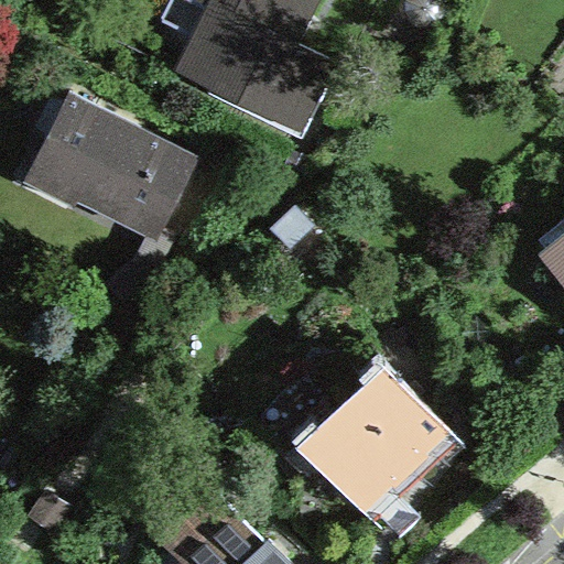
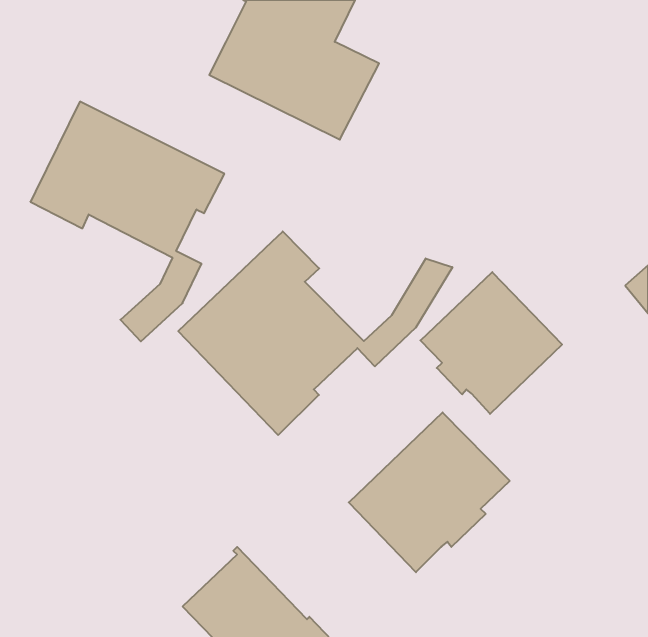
building: none -> [178,231,452,435]
building: none -> [420,272,562,414]

